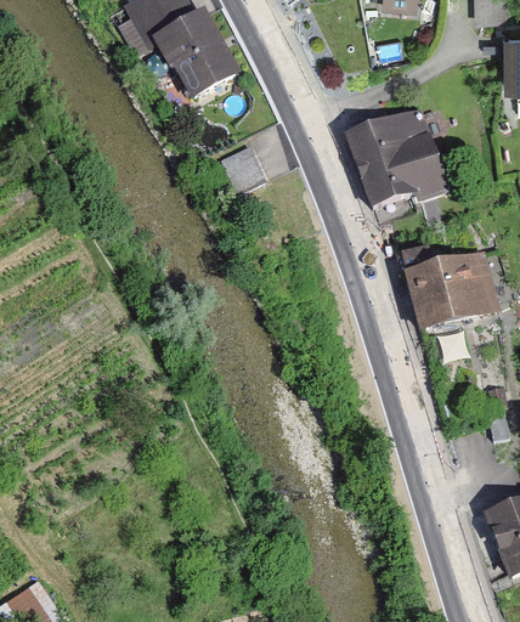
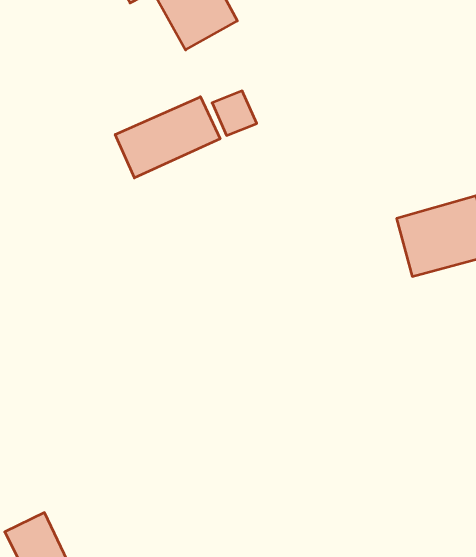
building: [346,108,443,207] -> none
building: none -> [115,97,220,178]

